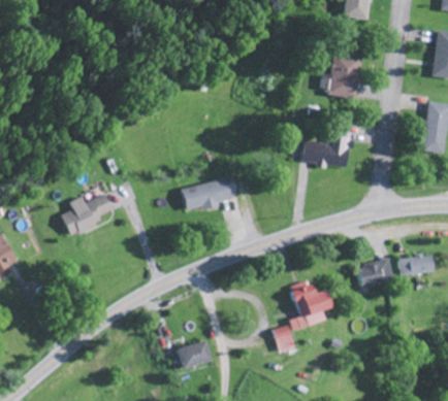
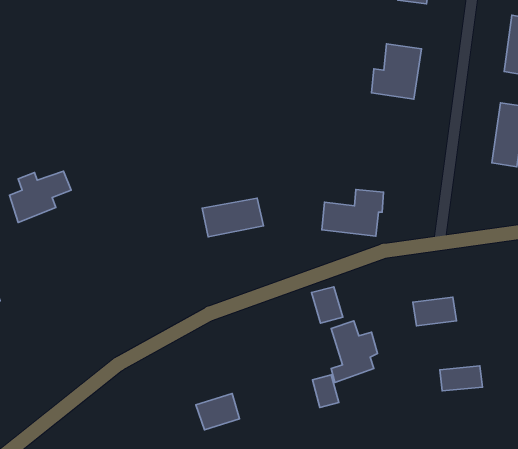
building: [301,130,352,168] -> [322,190,383,236]
building: [62,195,113,237] -> [10,171,71,223]
building: none -> [312,287,343,323]
building: [398,255,434,275] -> [440,366,482,391]

